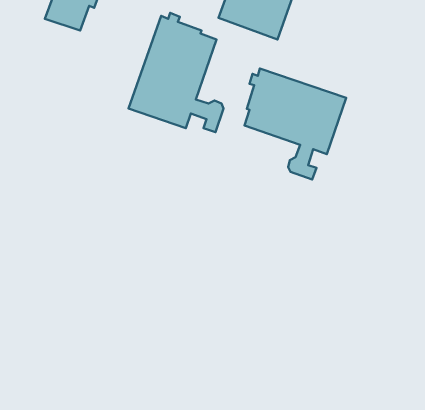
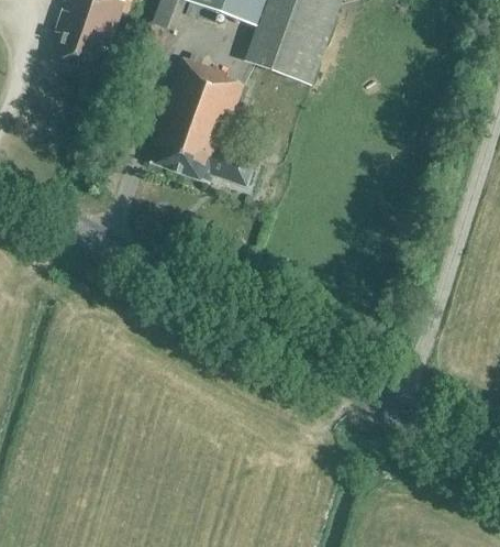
building: [244,69,346,180] -> none

